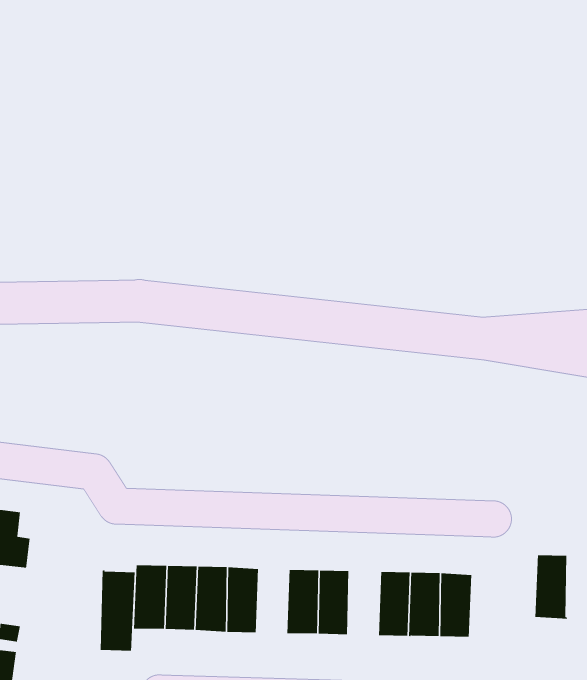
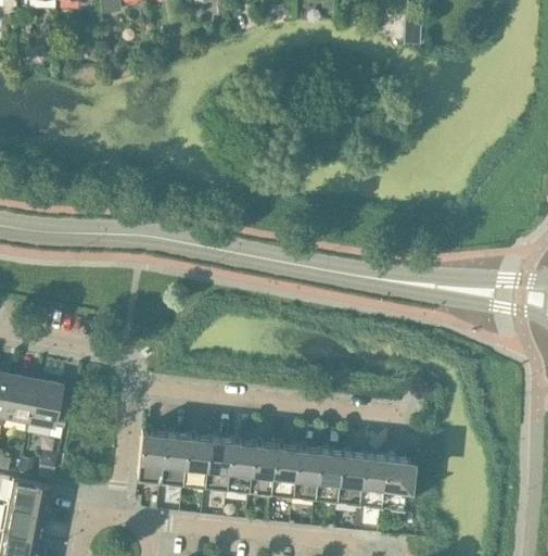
building: [535,555,568,620] -> [379,455,406,504]
building: none -> [225,439,252,488]
building: [100,569,136,652] -> none
building: none -> [291,445,318,494]

